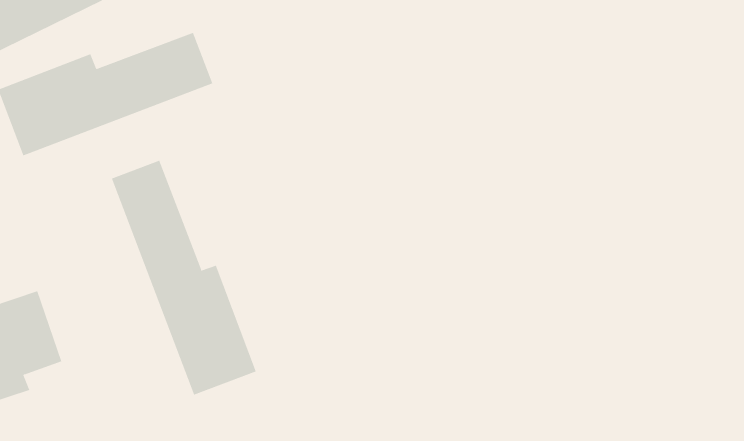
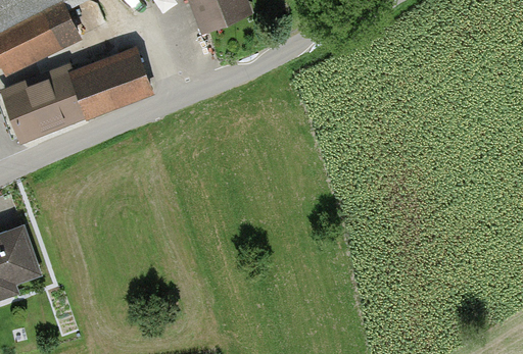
building: [111,160,256,395] -> none

